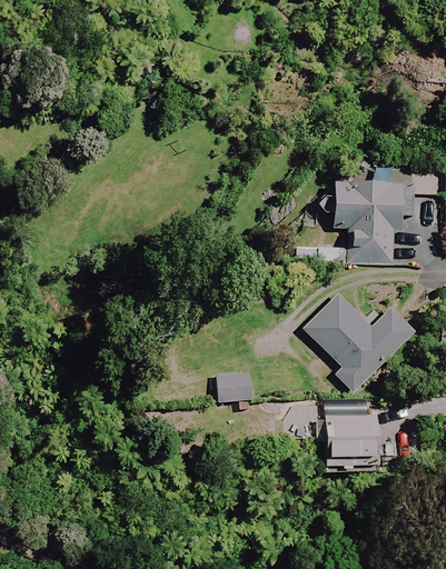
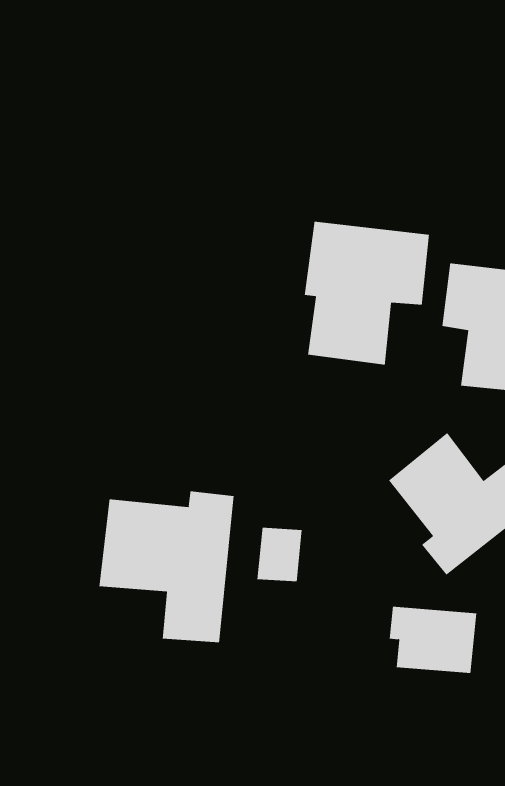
building: none -> [304,221,430,365]
building: none -> [99,490,234,643]

